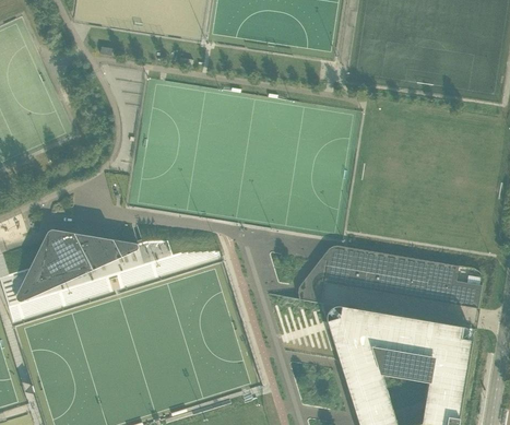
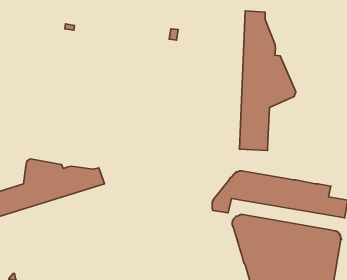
building: none -> [239,11,296,151]

